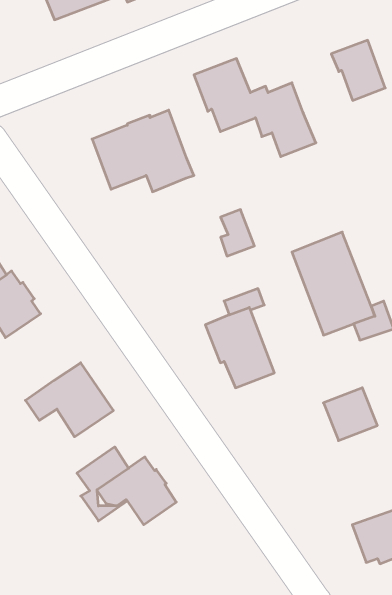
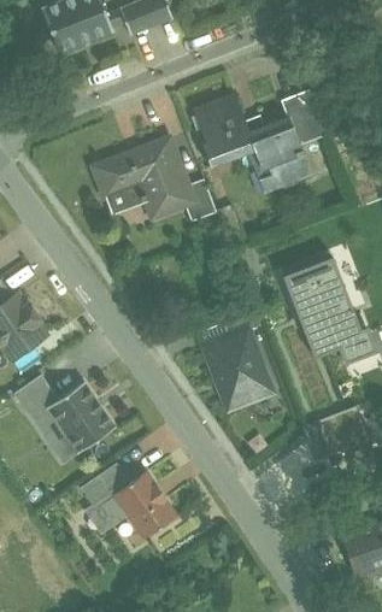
building: [331,40,385,100] -> [276,84,328,142]
building: [221,210,254,256] -> [184,178,217,223]
building: none -> [13,375,58,418]

